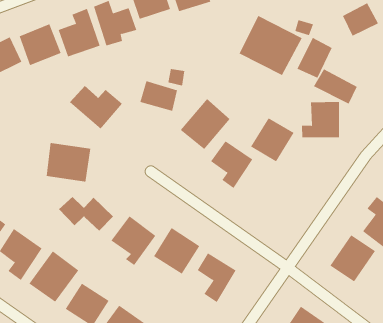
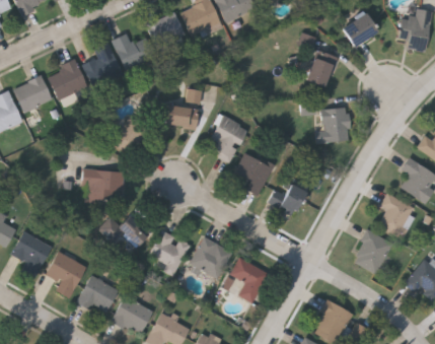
building: [239,15,303,76] -> none
building: [313,68,358,105] -> none
building: [250,117,294,162] -> [268,174,307,214]

